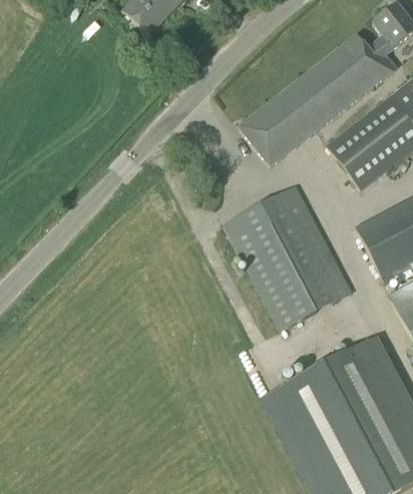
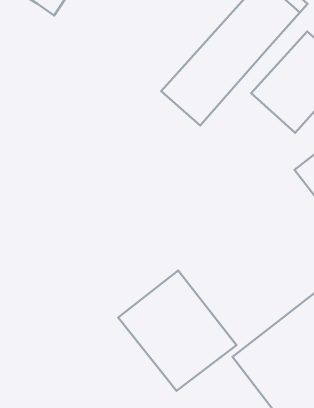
building: [225,184,353,329] -> none
building: none -> [118,270,236,391]

